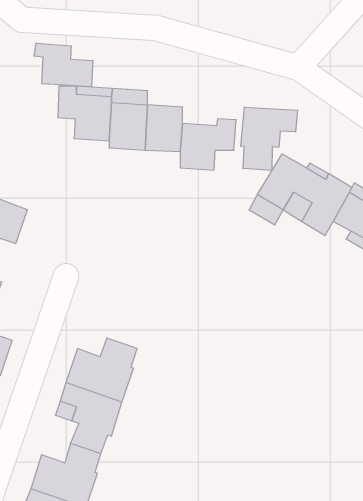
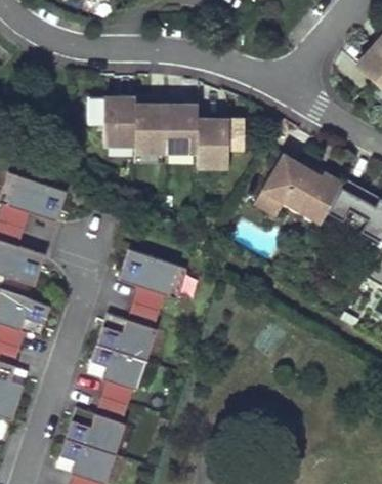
building: [34,43,93,87] -> none
building: [241,107,298,171] -> none
building: none -> [117,259,184,323]

